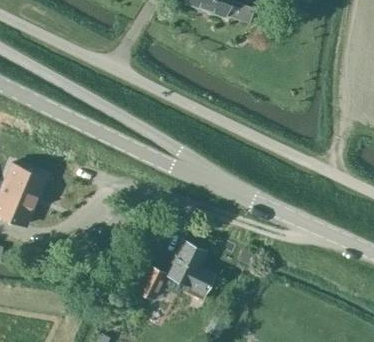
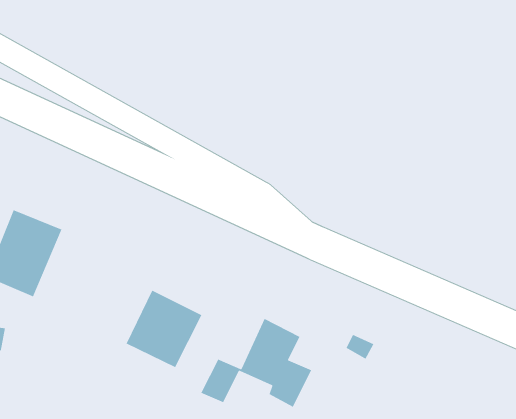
building: none -> [126,290,203,368]

